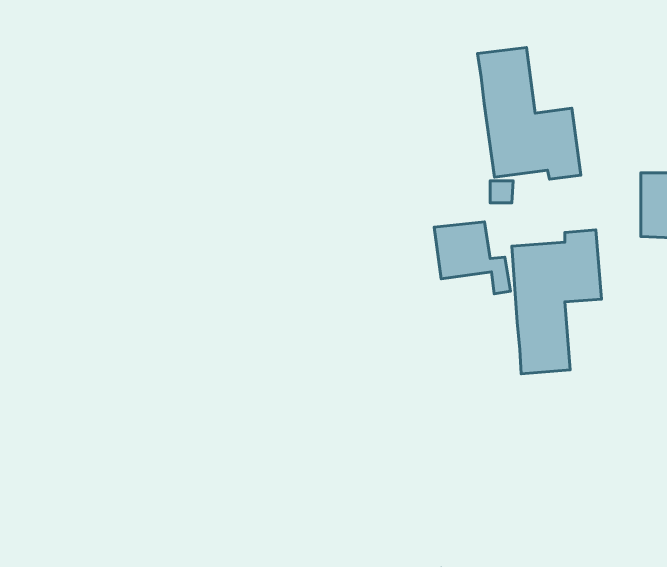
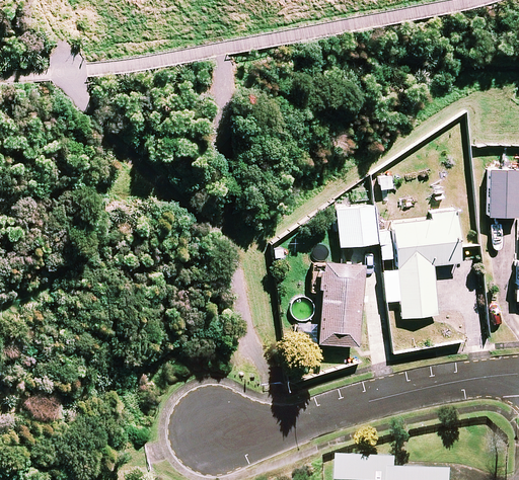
building: [478,47,581,179] -> none
building: none -> [318,260,368,345]

